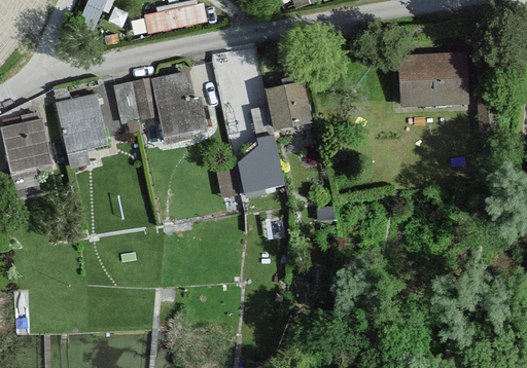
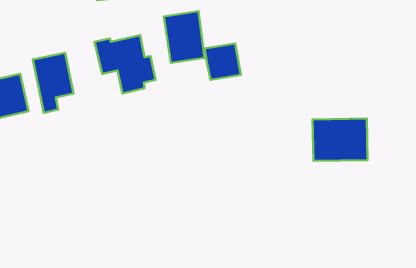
building: [400,54,467,106] -> [313,119,368,161]
building: [112,81,141,124] -> none
building: [239,108,283,193] -> none

